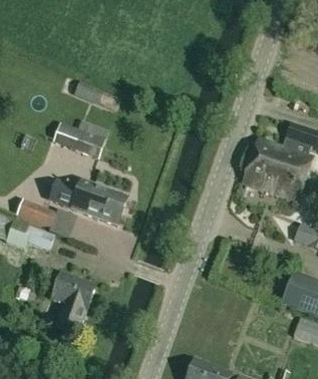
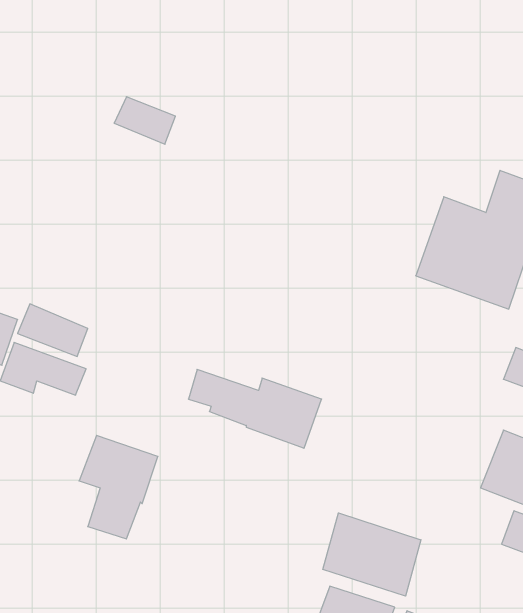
building: [54,116,111,158] -> none
building: [51,179,127,225] -> [188,369,322,448]
building: none -> [323,513,421,596]

